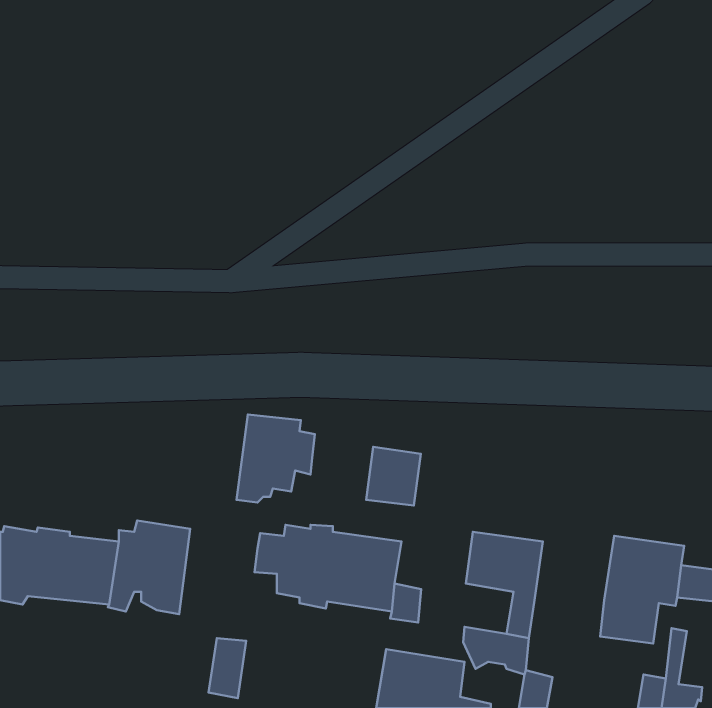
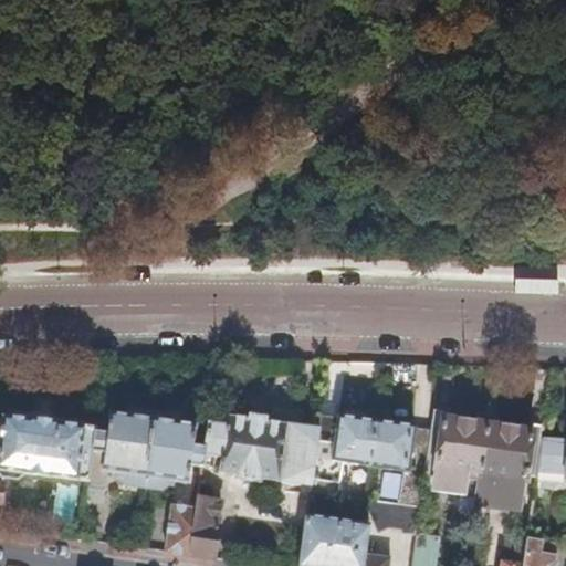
building: [237,414,315,503] -> [144,418,206,488]
building: [366,447,421,506] -> [333,415,376,461]
building: none -> [424,415,488,486]
building: none -> [190,495,220,555]

